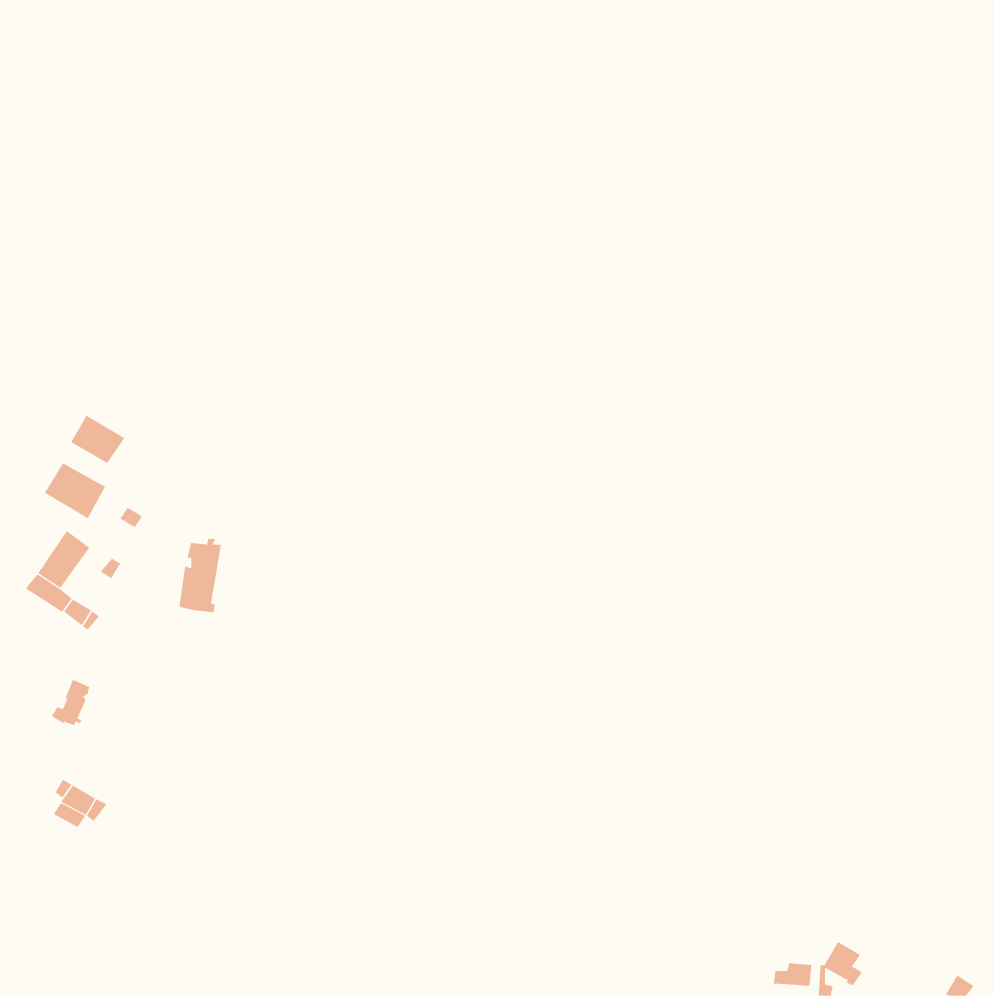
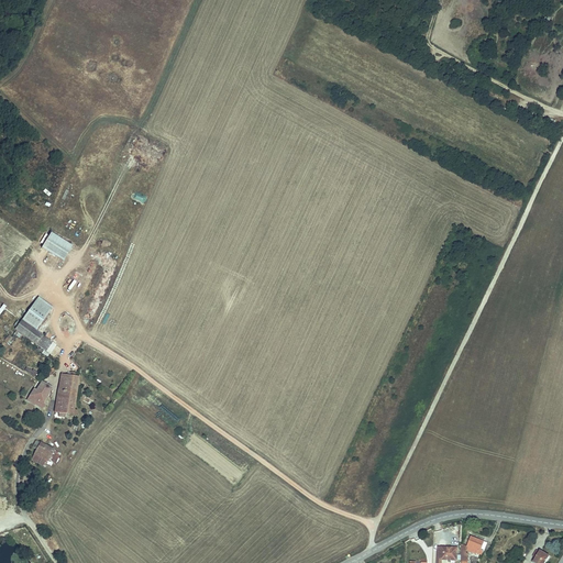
building: [44,463,106,519] -> none
building: [179,538,222,613] -> [54,372,78,413]

